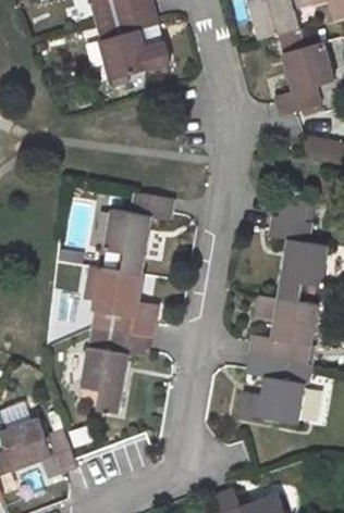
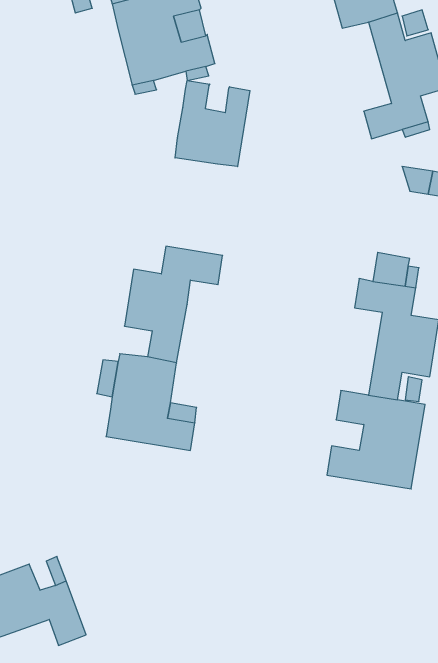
building: none -> [175,80,250,167]
building: [82,327,151,412] -> none
building: [238,354,308,423] -> none

